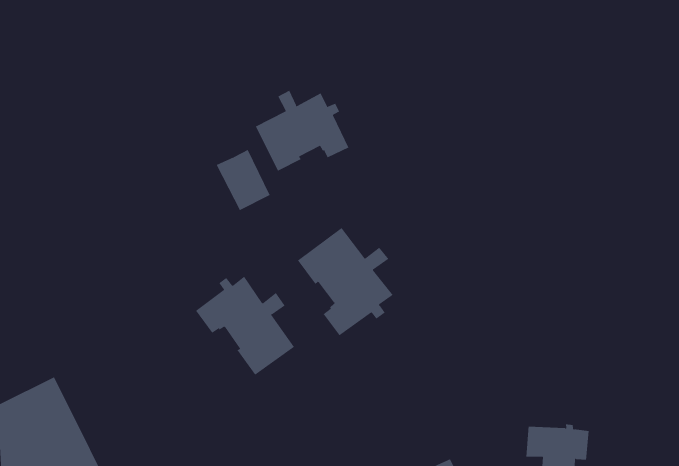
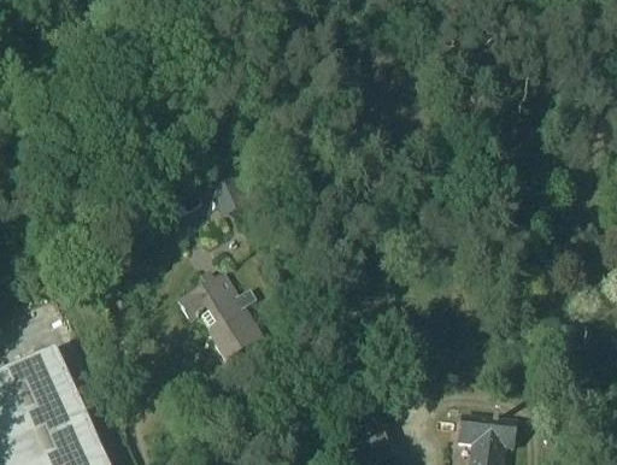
building: [255,90,349,172] -> none
building: [297,227,393,336] -> none

